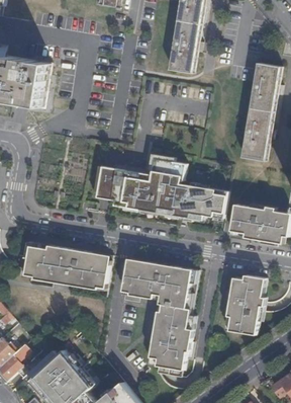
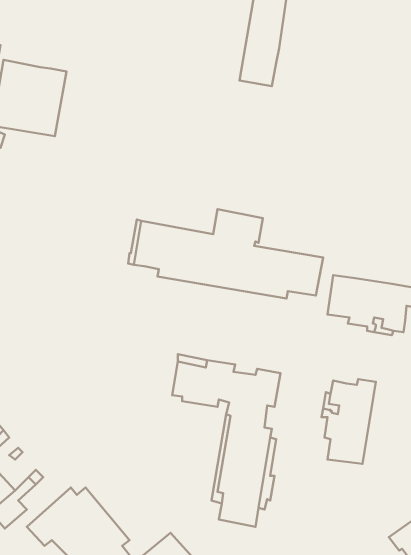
building: [241,63,280,160] -> none
building: [25,244,109,285] -> none

